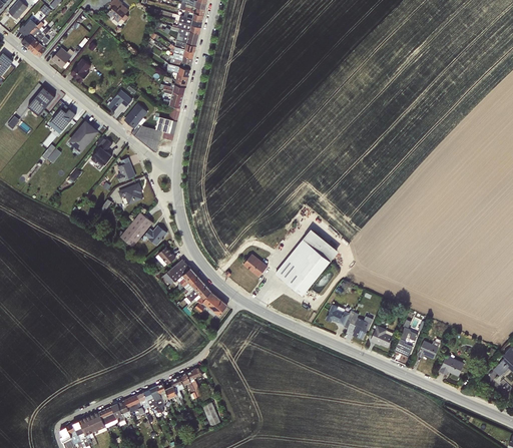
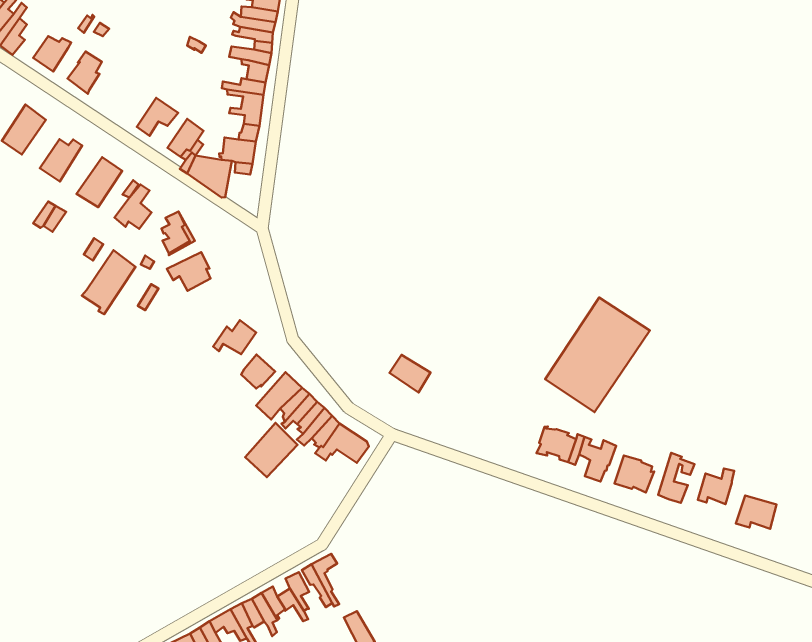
building: [120,210,153,248] -> [82,250,136,314]
building: [276,228,340,295] -> [545,298,650,412]
building: none -> [245,423,298,477]

